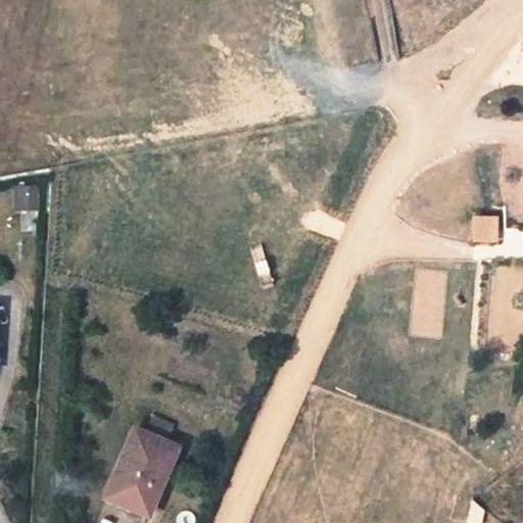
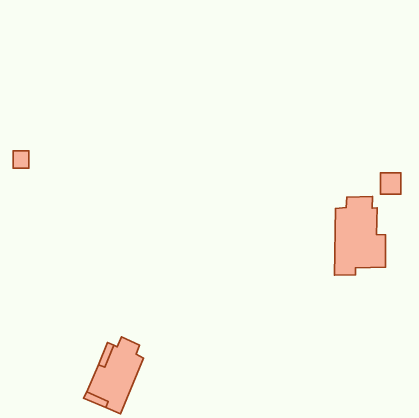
building: none -> [335,196,386,275]

